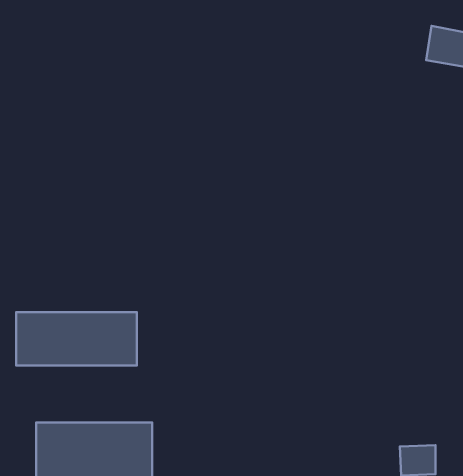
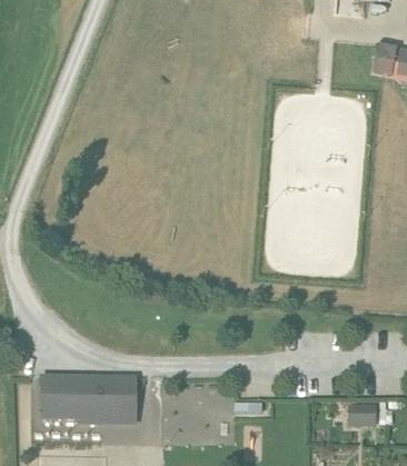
building: [16,312,137,365] -> none

